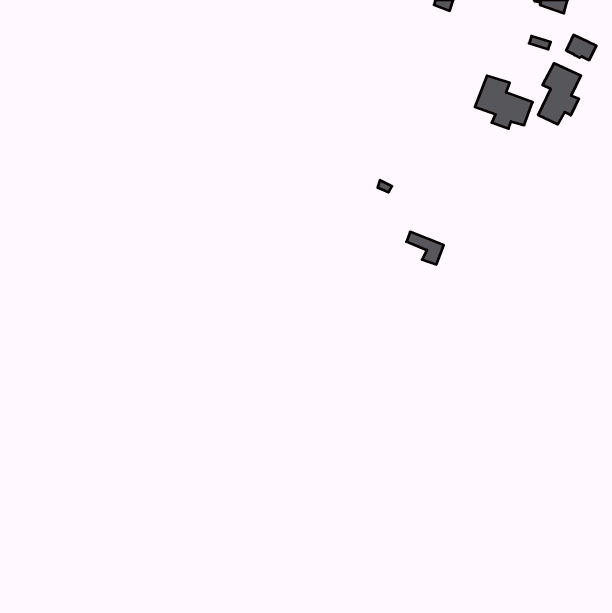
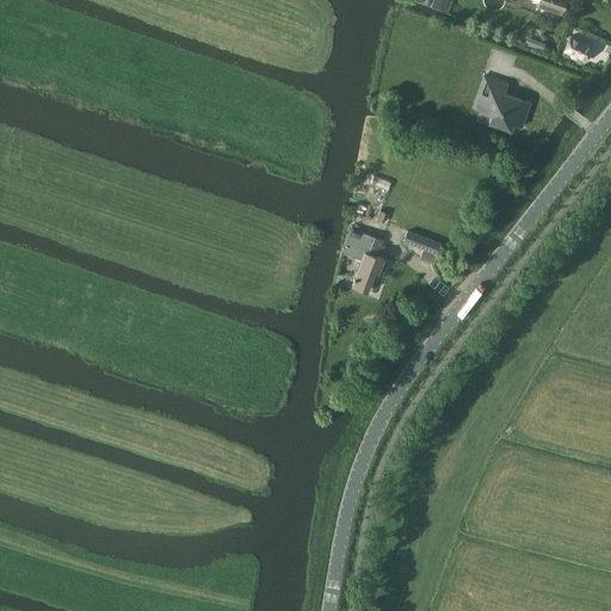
building: [538,63,581,124] -> none
building: none -> [342,228,390,290]

